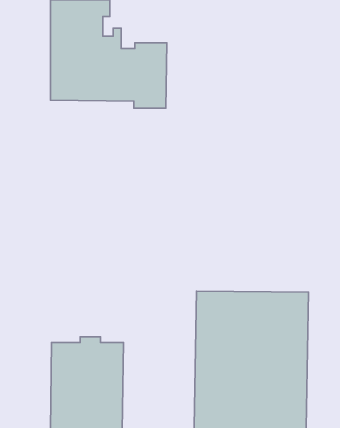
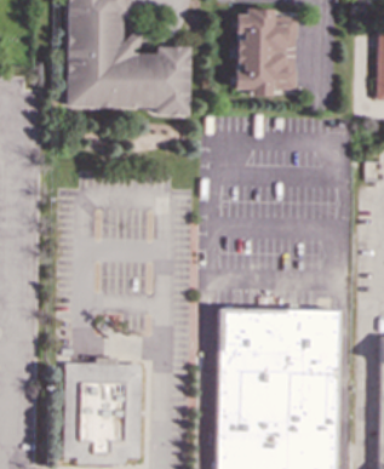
building: none -> [234,10,294,97]

